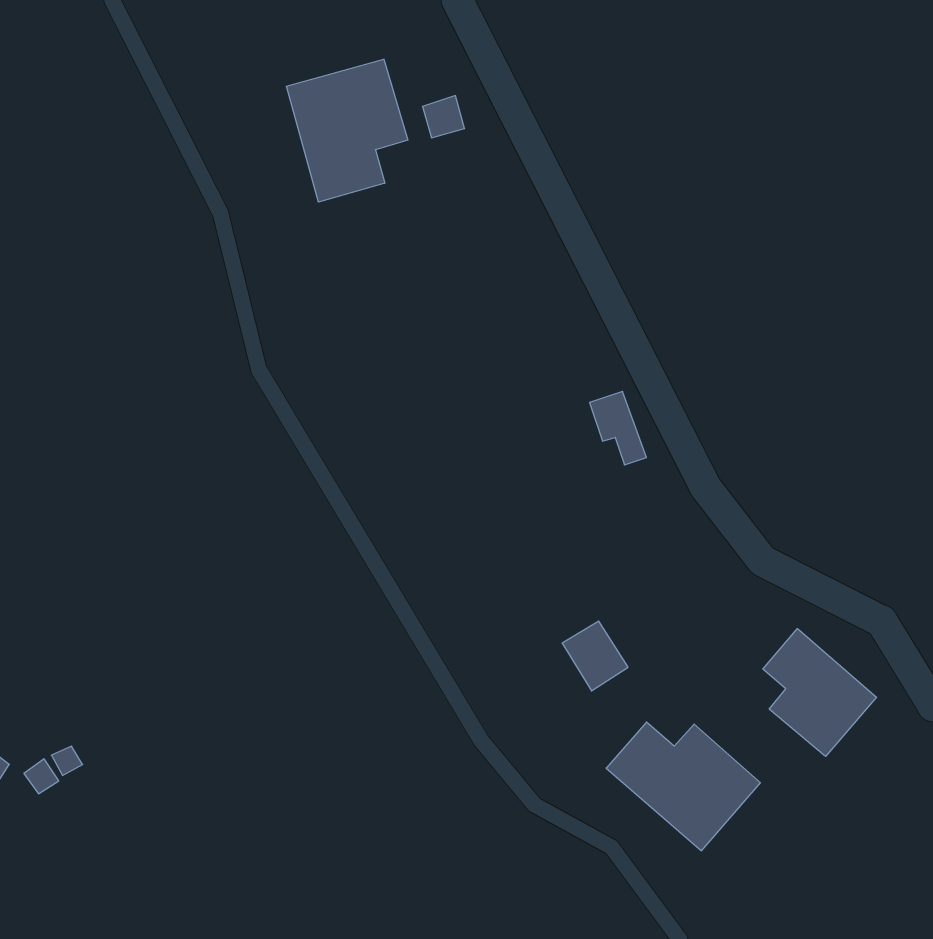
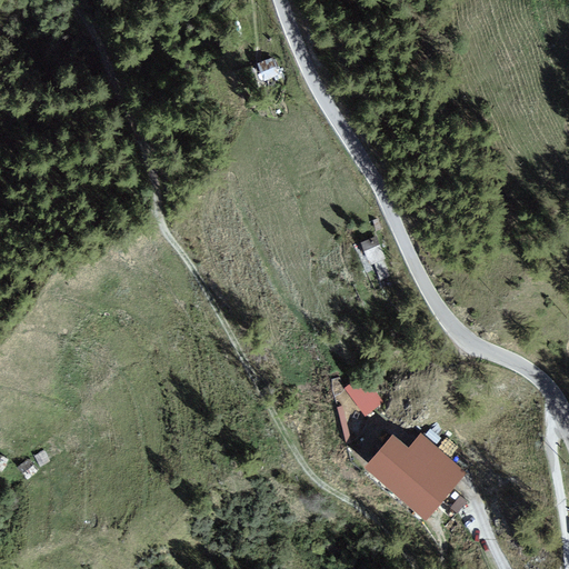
building: [286,59,408,202] -> none
building: [763,629,877,756] -> none

